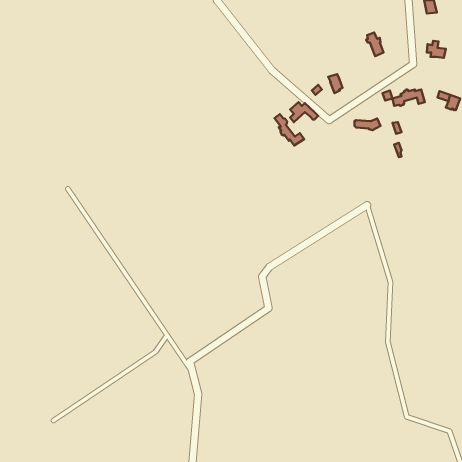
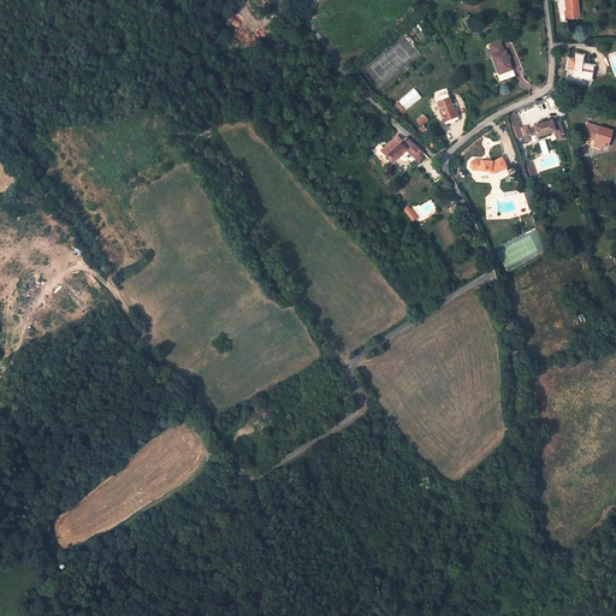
building: [274,114,304,145] -> none

